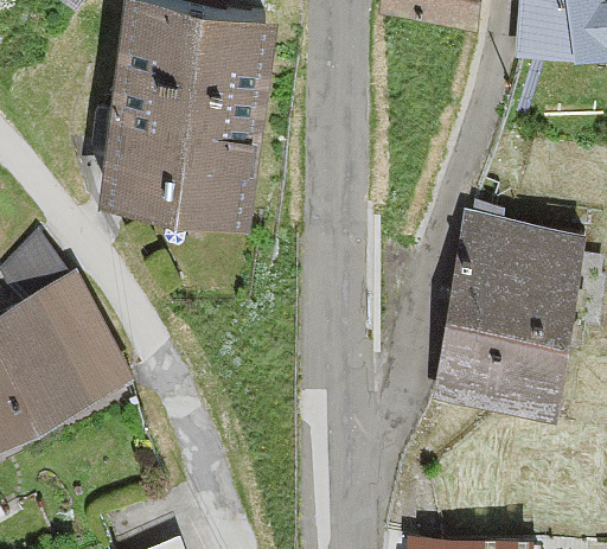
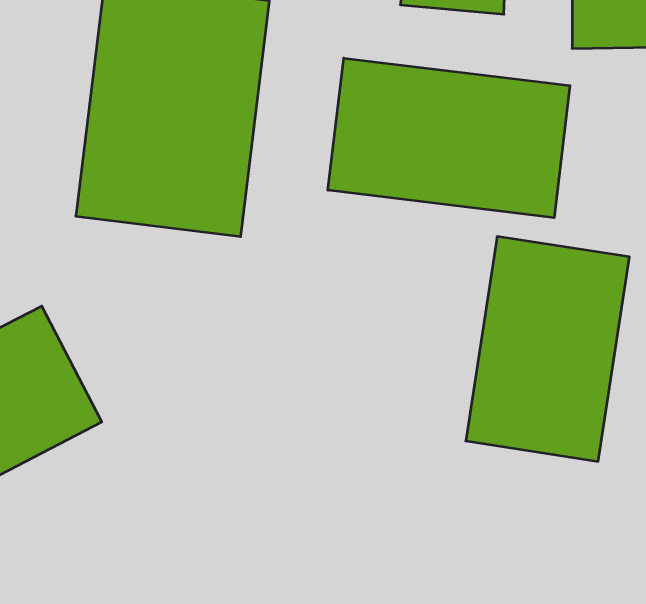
building: none -> [328,58,570,218]

